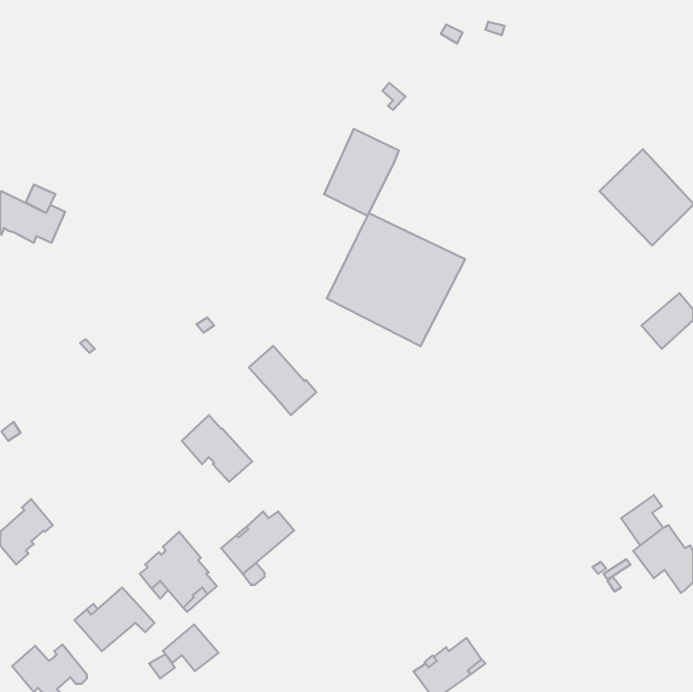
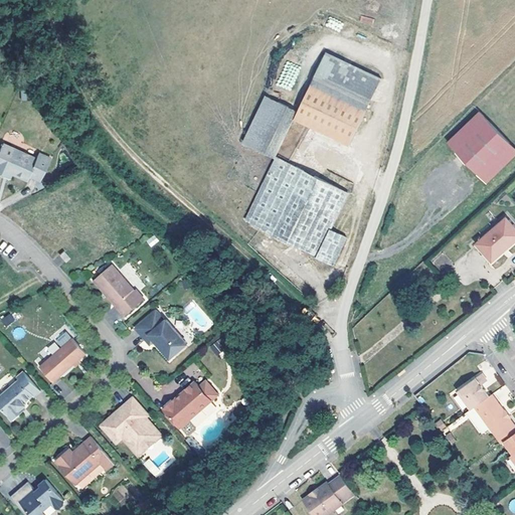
building: none -> [293,54,379,147]
building: none -> [317,230,346,268]
building: [249,346,317,415] -> [93,265,143,316]
building: none -> [40,339,87,382]
building: [163,624,218,671] -> none

